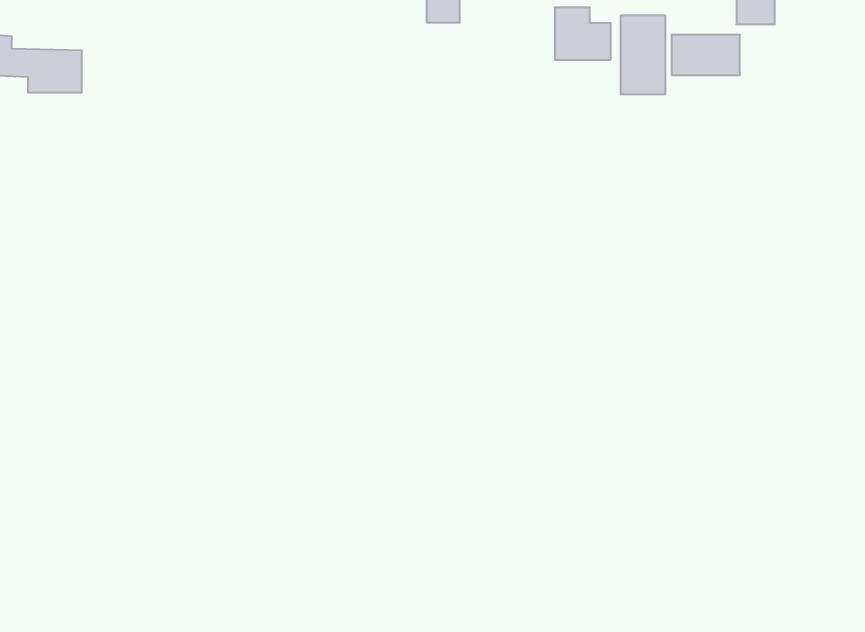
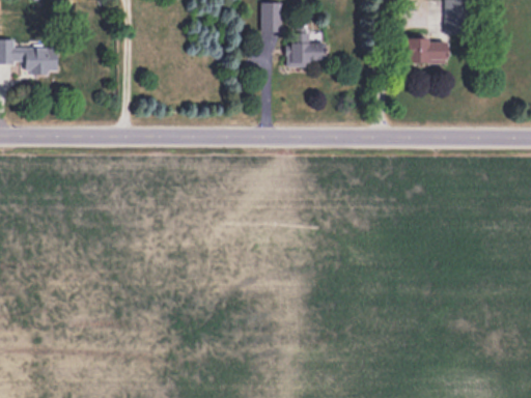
building: [555,7,611,60] -> [289,32,323,63]
building: [621,15,665,95] -> none

